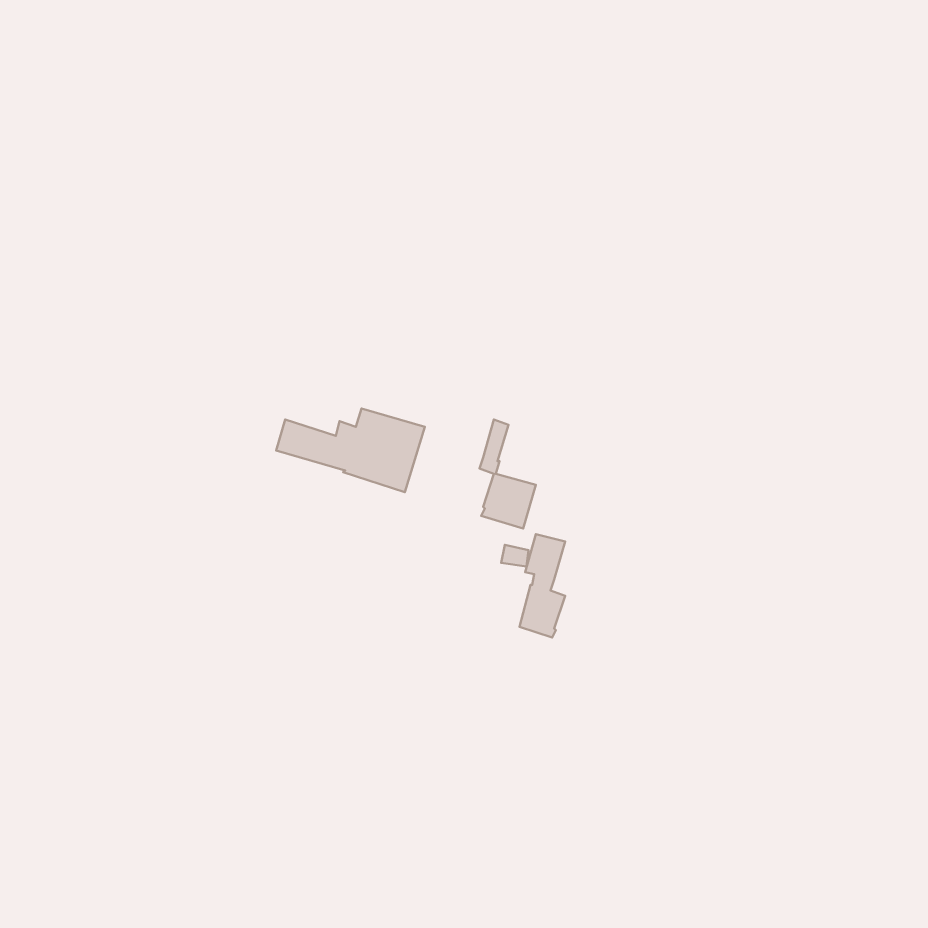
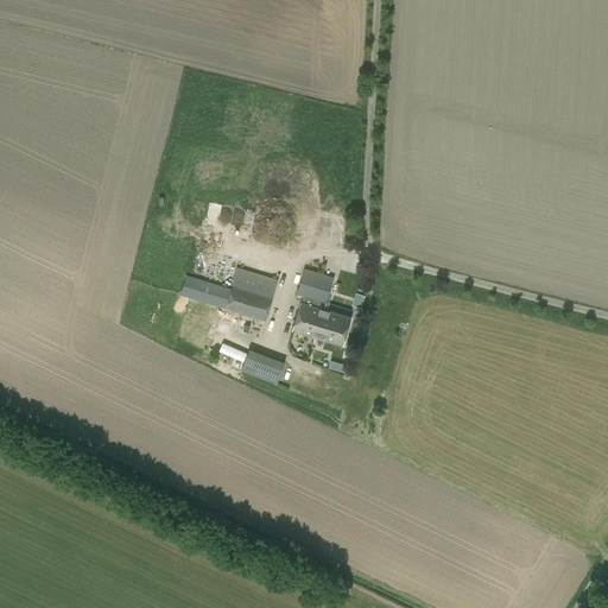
building: none -> [241,349,285,384]
building: [520,534,565,638] -> [293,270,323,337]

